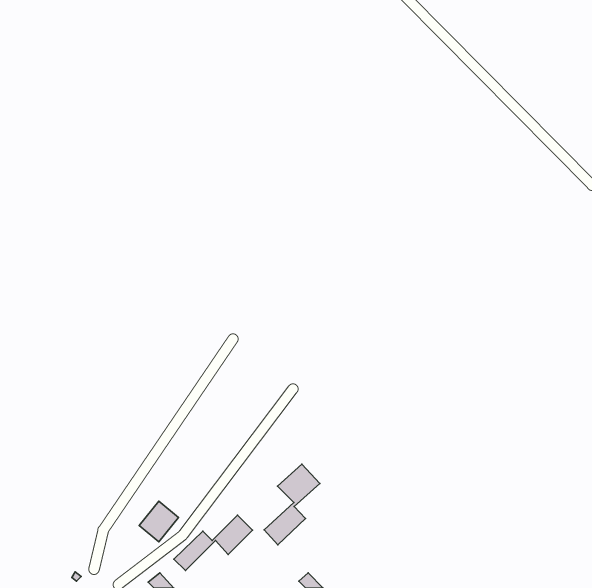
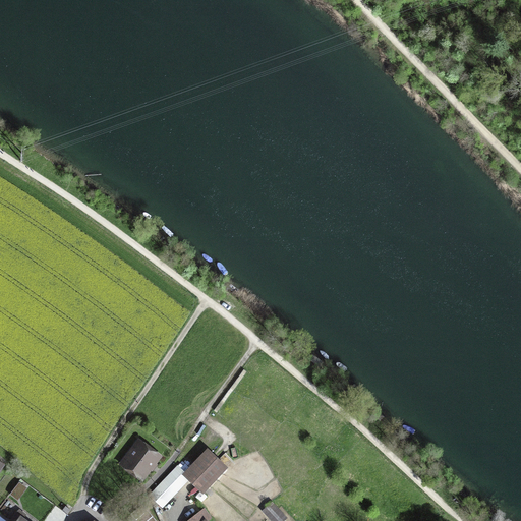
building: [264,464,320,545] -> none

